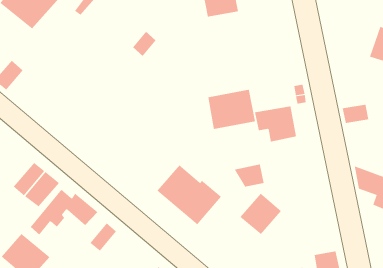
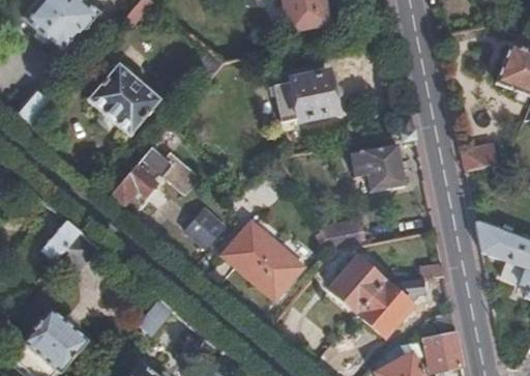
building: none -> [89,65,159,136]
building: [207,89,256,129] -> [275,73,337,124]
building: none -> [181,204,223,245]
building: [30,189,98,236] -> [112,147,200,207]
building: none -> [358,283,410,336]

